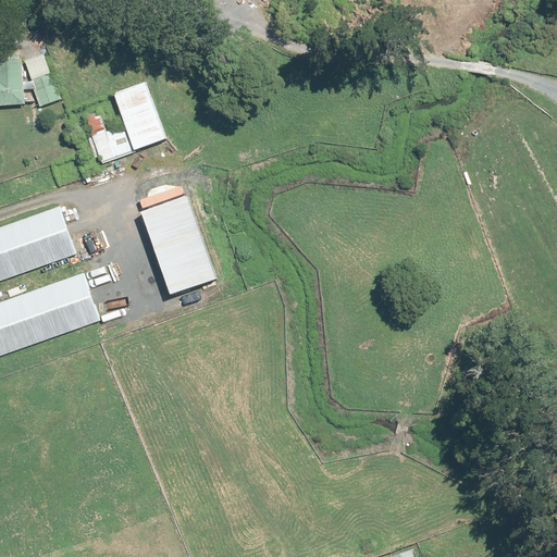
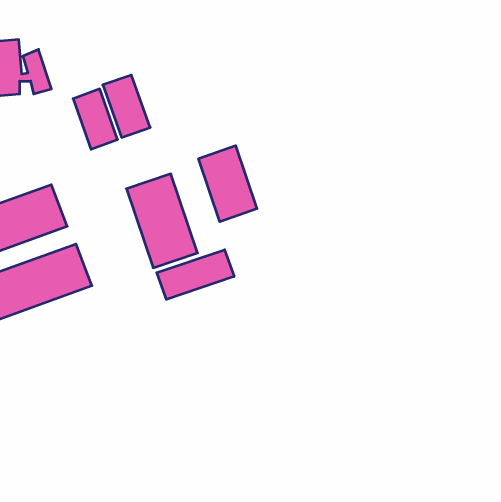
building: none -> [199,146,257,222]
building: none -> [157,250,234,299]

